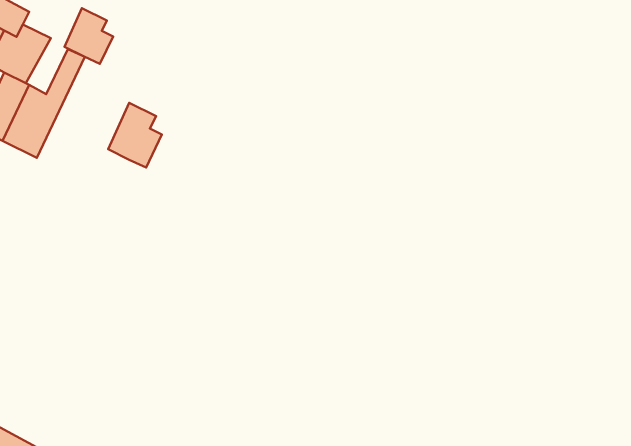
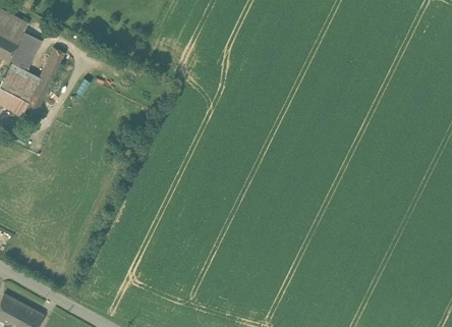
building: [64,8,113,64] -> none
building: [108,103,162,168] -> none

